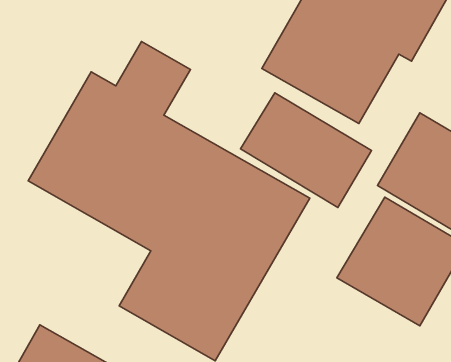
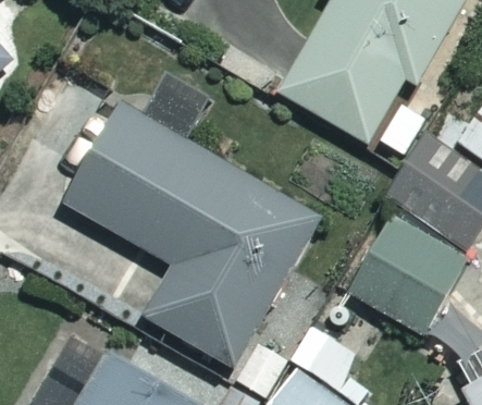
building: [240,93,372,207] -> none

